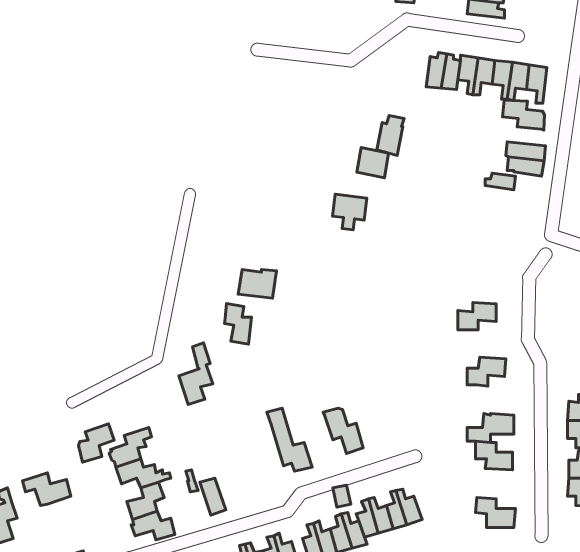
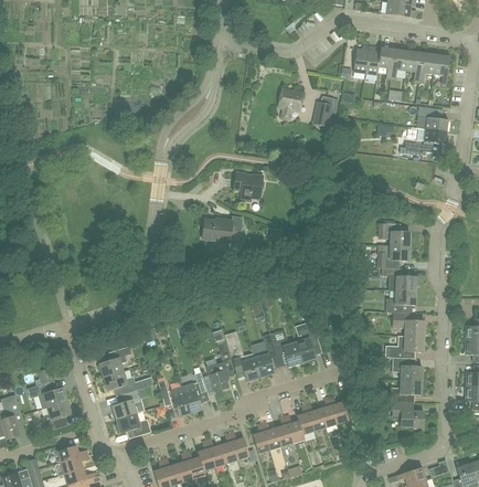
building: [502,100,545,130] -> none
building: [357,148,389,178] -> [277,87,302,112]
building: [332,194,367,230] -> [233,172,260,201]
building: none -> [379,223,409,246]
building: [224,303,252,344] -> none
building: none -> [381,267,418,290]
building: [179,343,213,405] -> [206,341,234,391]
building: none -> [392,311,424,336]
building: none -> [295,321,319,362]
building: none -> [254,336,277,378]
building: [78,424,114,462] -> [42,401,71,432]
building: none -> [182,372,205,412]
building: none -> [391,379,422,402]

